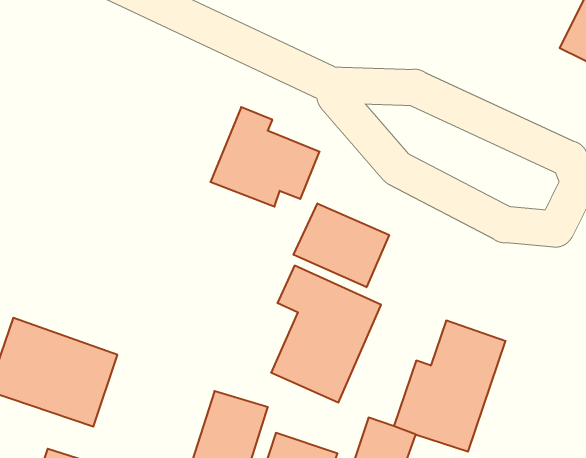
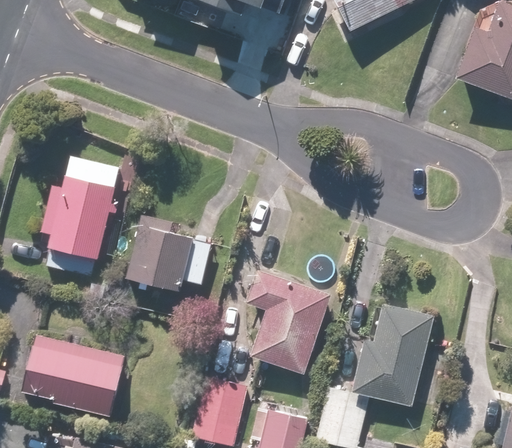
building: none -> [40,156,119,277]
building: [210,107,320,207] -> [128,216,213,293]
building: [294,203,389,287] -> none

